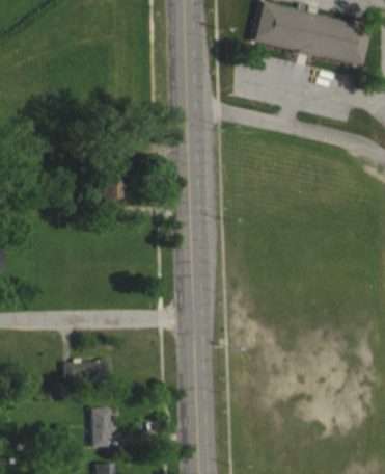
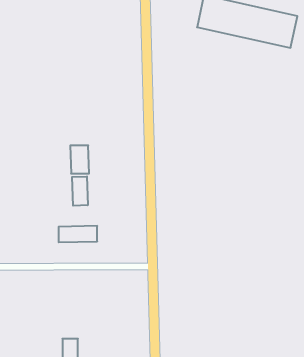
building: none -> [72,176,88,206]
building: [62,369,109,389] -> [59,226,97,242]

